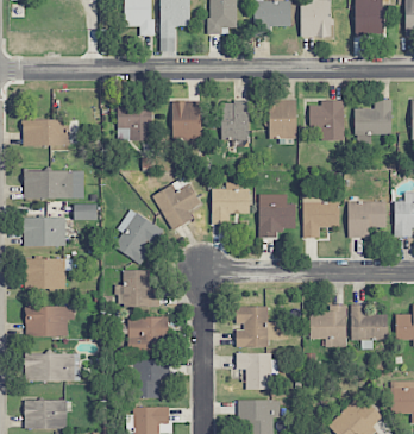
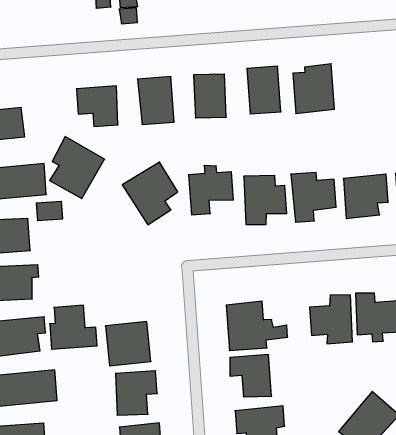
building: [355,100,391,144] -> none
building: [113,208,163,264] -> [50,137,105,199]
building: [118,270,158,307] -> [50,305,97,349]

